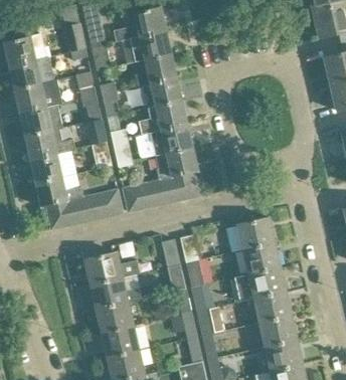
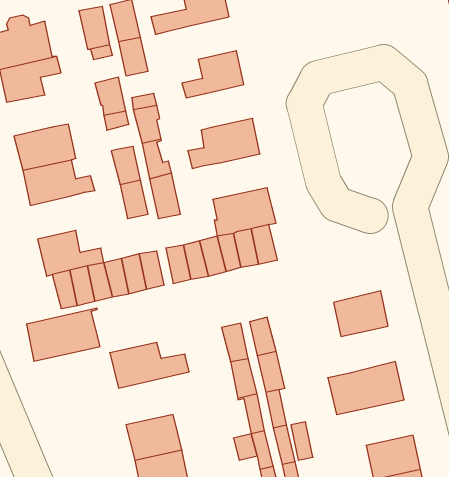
building: [120,30,171,64] -> none
building: [150,76,182,106] -> none
building: [14,79,61,112] -> none
building: [149,124,192,155] -> none
building: [30,150,72,182] -> none
building: [242,241,280,273] -> none
building: [91,272,141,309] -> [26,308,100,361]
building: [253,292,292,323] -> none

